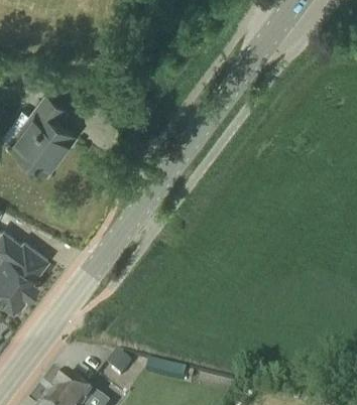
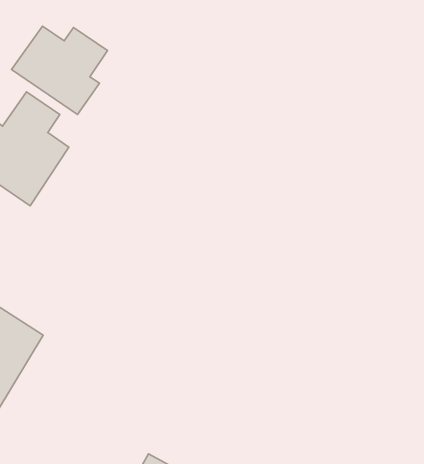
building: none -> [12,26,108,114]

